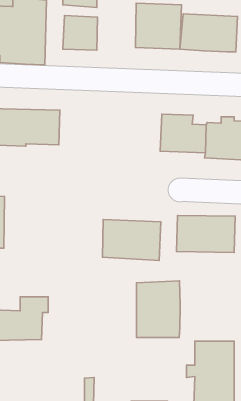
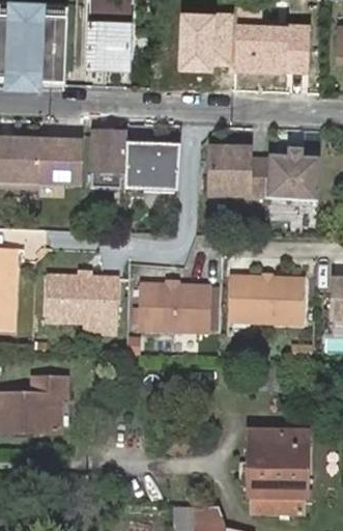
building: none -> [91,129,180,190]
building: none -> [44,275,117,323]
building: [136,281,180,337] -> none

